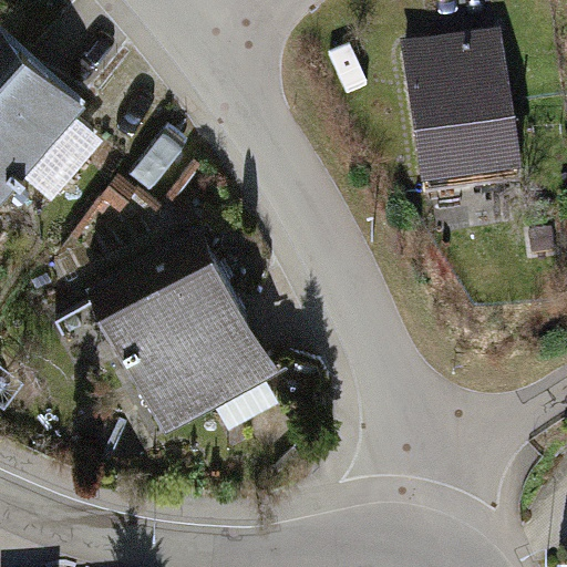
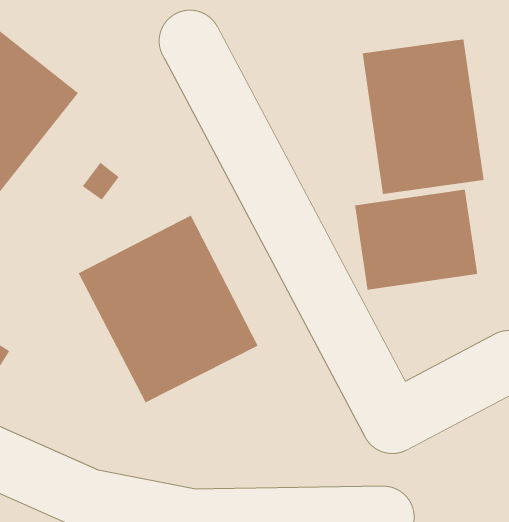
building: none -> [354,189,478,290]

